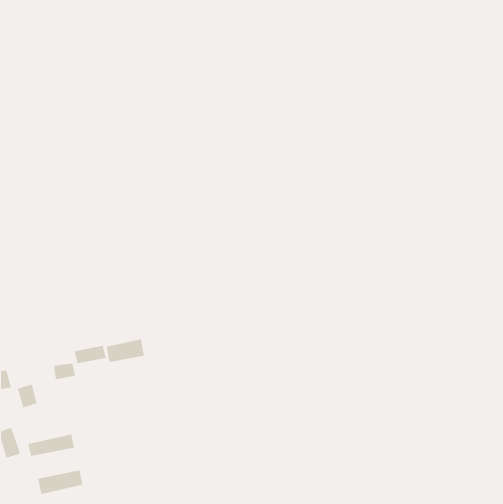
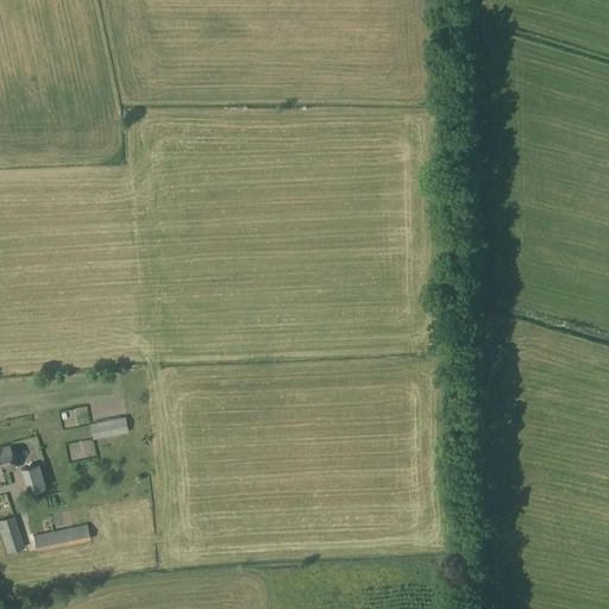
building: [106,338,145,363] -> none
building: [38,470,83,495] -> none

